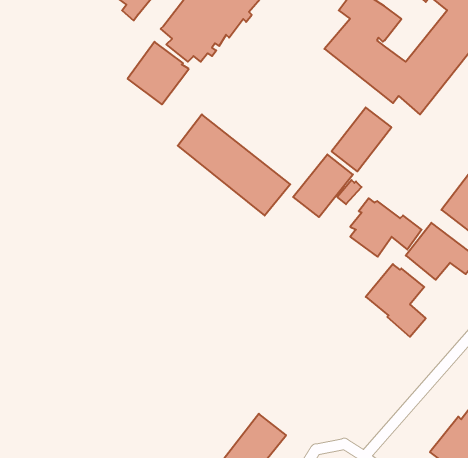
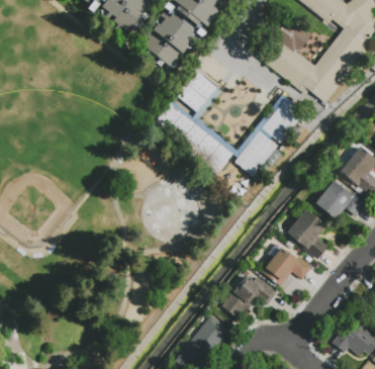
building: [128,42,189,104] -> [178,71,221,115]
building: [350,198,422,257] -> [262,244,312,285]
building: none -> [221,275,277,318]

